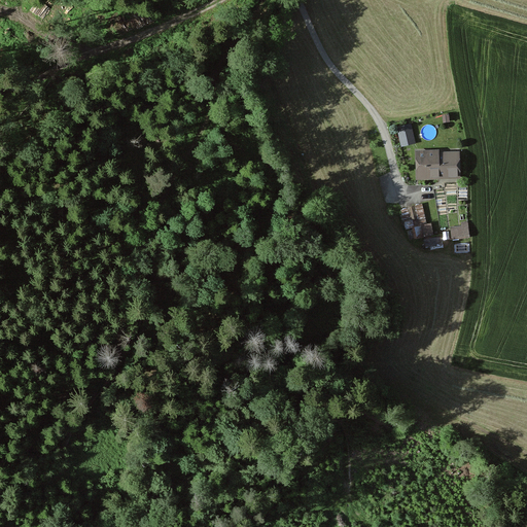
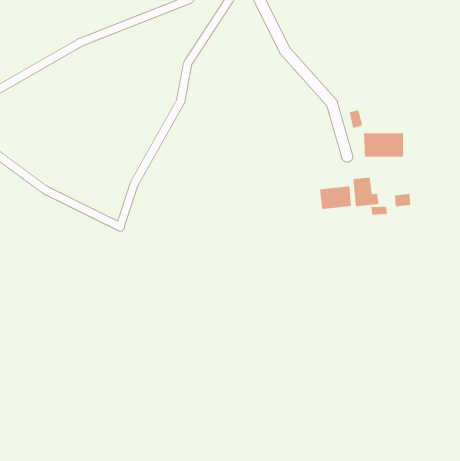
building: none -> [320,186,352,210]

